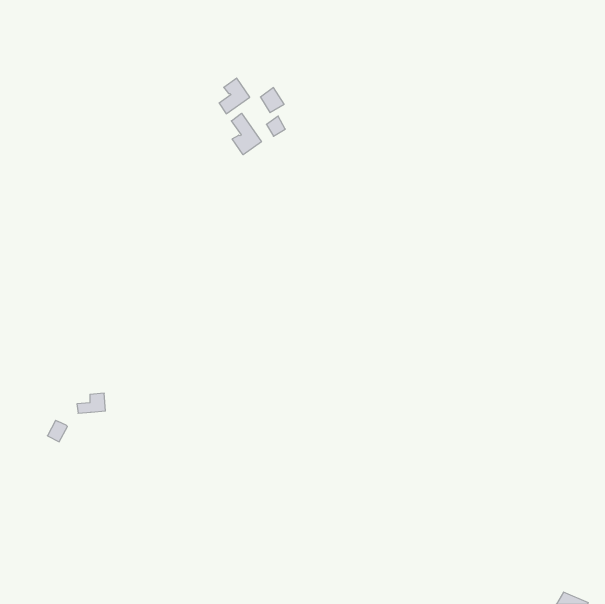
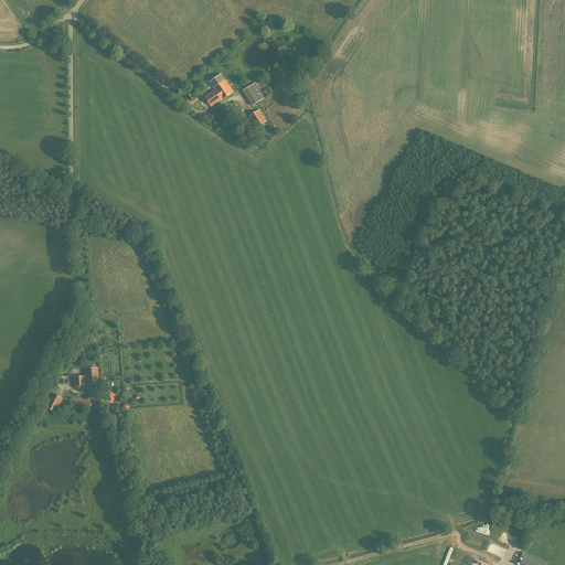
building: [231,113,261,155] -> none

